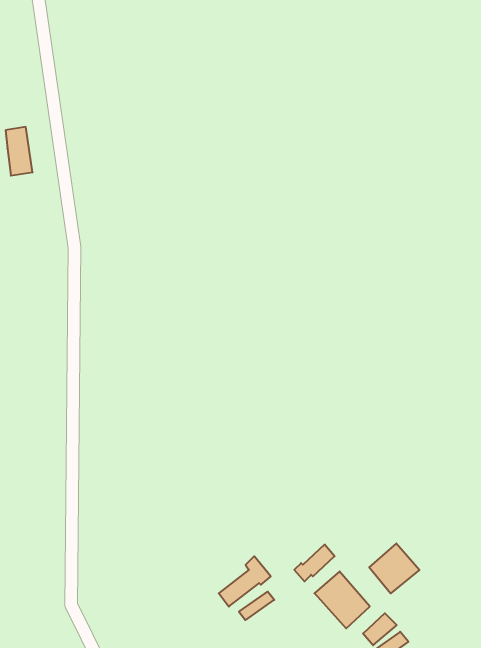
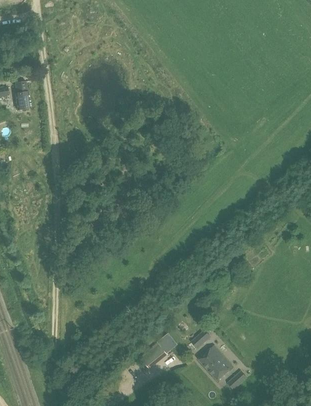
building: [369,543,419,593] -> none

